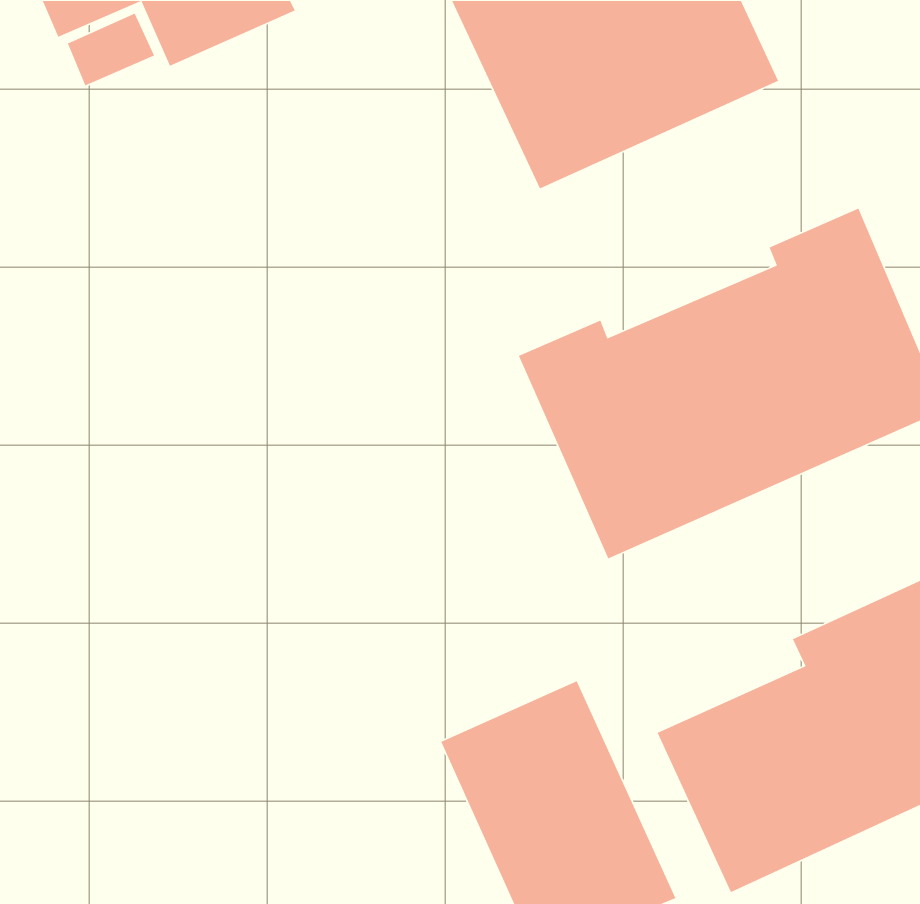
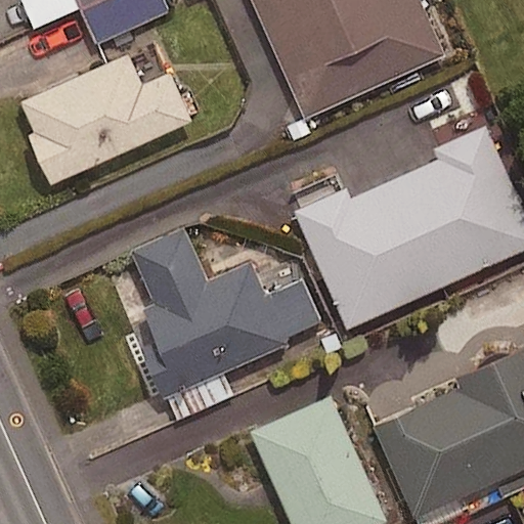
building: none -> [18,53,189,179]
building: none -> [124,229,323,424]

